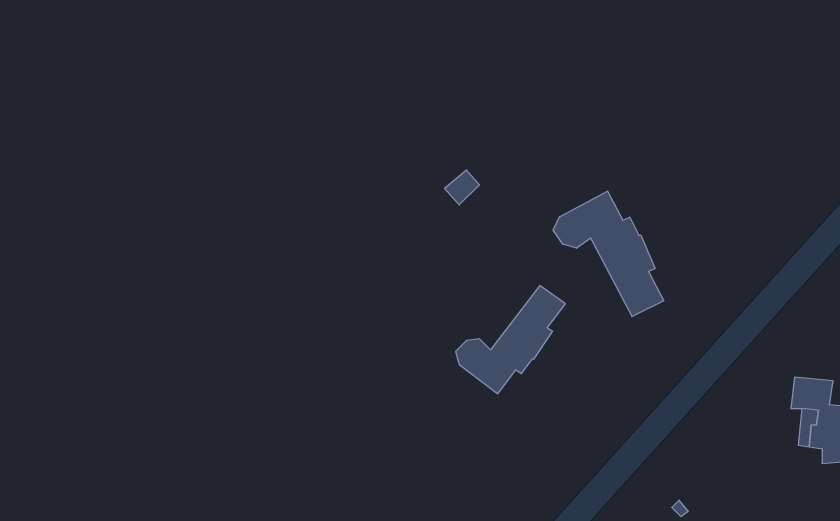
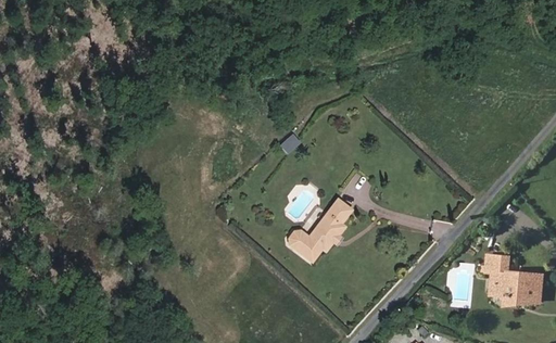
building: [553,191,664,317] -> none

